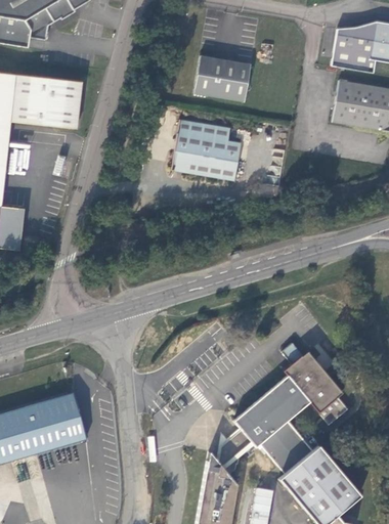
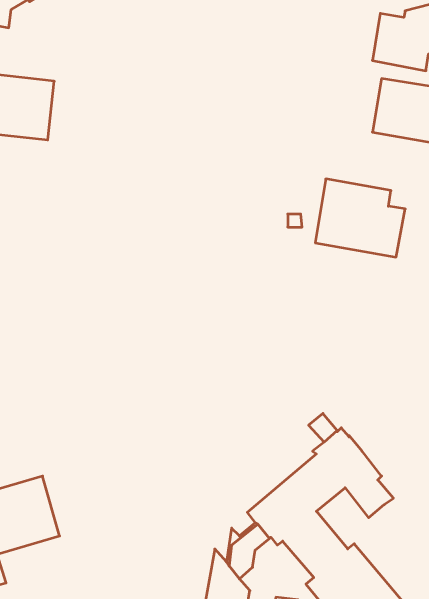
building: [193,55,251,102] -> none
building: [171,119,242,180] -> [315,179,405,257]

